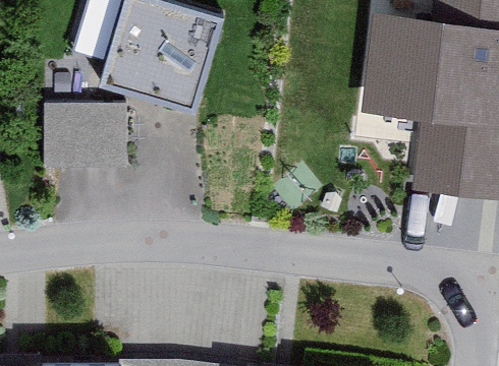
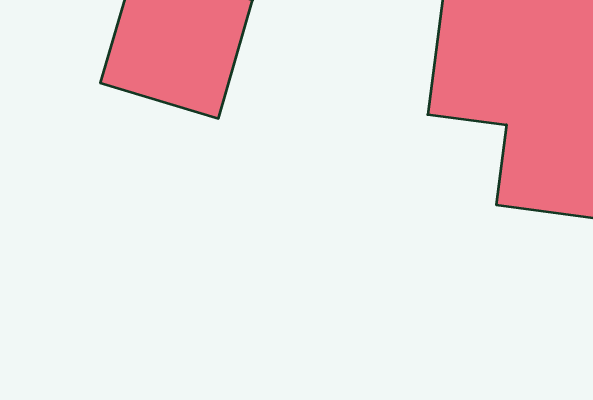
building: [44,99,129,167] -> none

